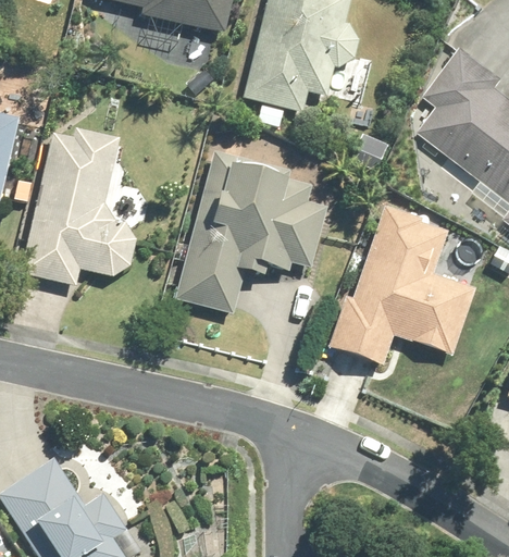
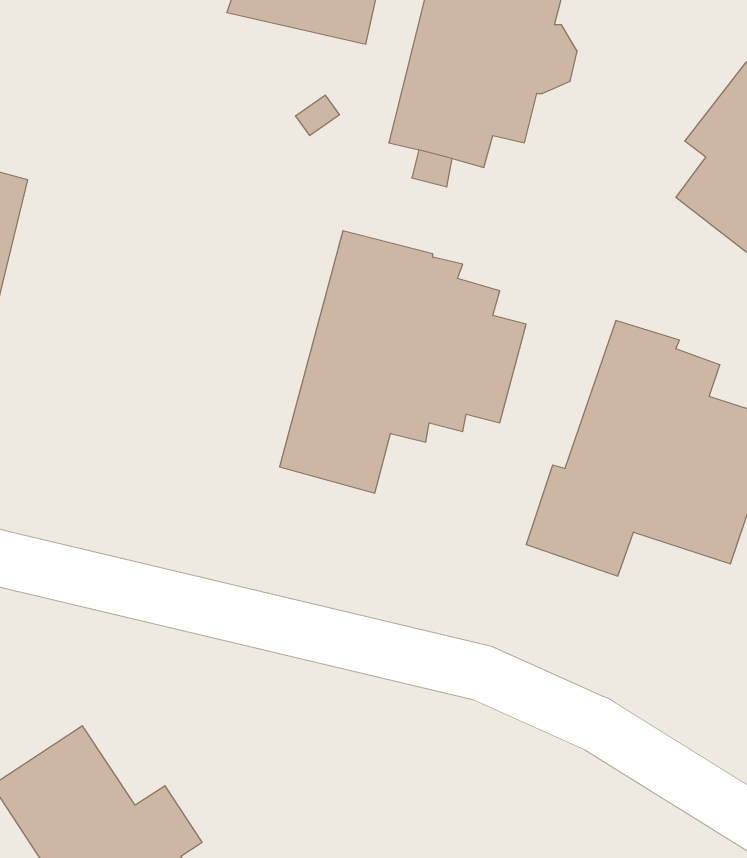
building: [21,125,137,283] -> none

